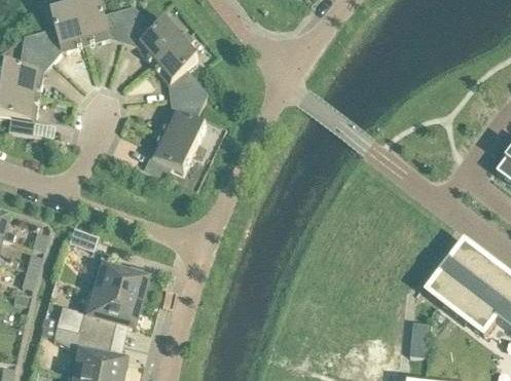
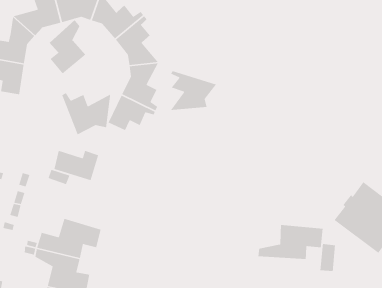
building: none -> [49,19,86,75]
building: none -> [169,70,217,111]
building: none -> [61,92,111,135]
building: [90,265,148,304] -> [53,150,99,181]
building: none -> [257,224,324,260]

